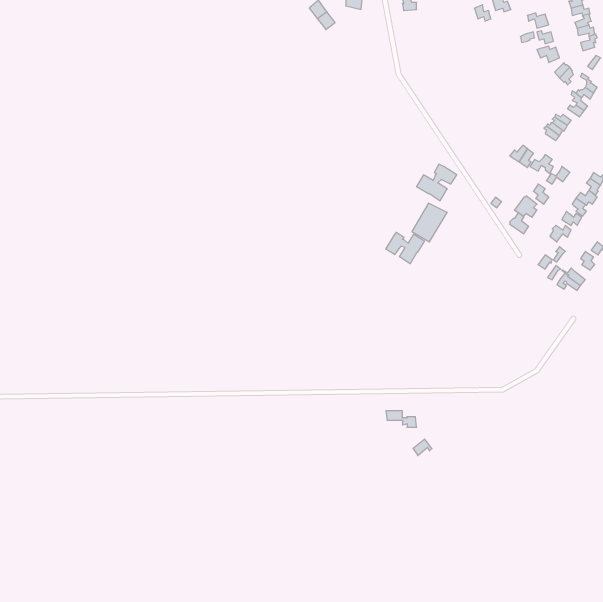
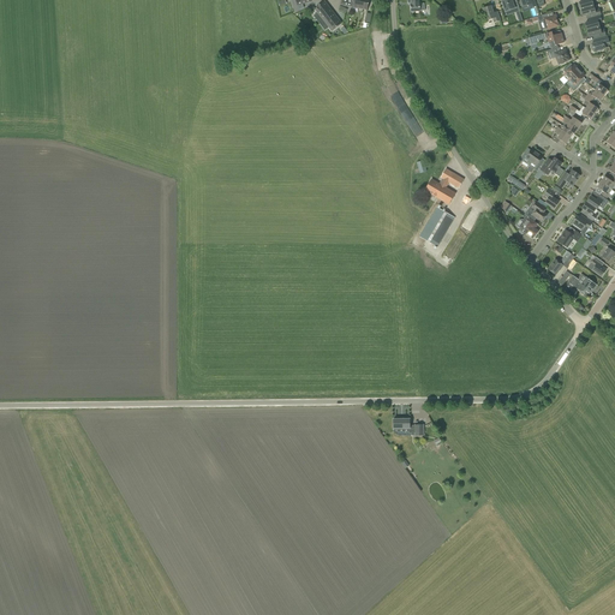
building: [386,232,425,264] -> none

